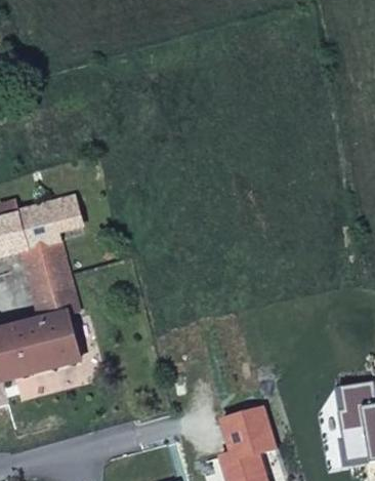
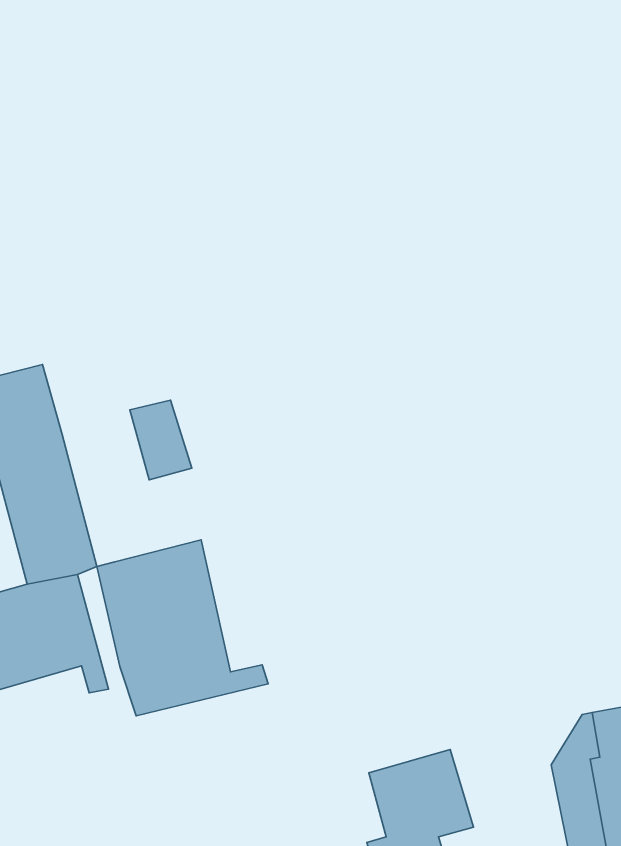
building: [48,197,81,239] -> [130,400,192,480]
building: none -> [97,540,268,716]

